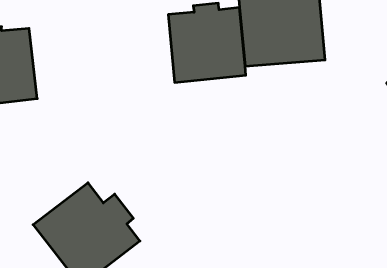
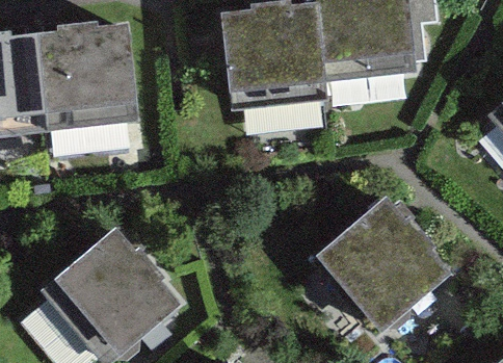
building: none -> [38,23,136,128]
building: none -> [314,205,450,340]

